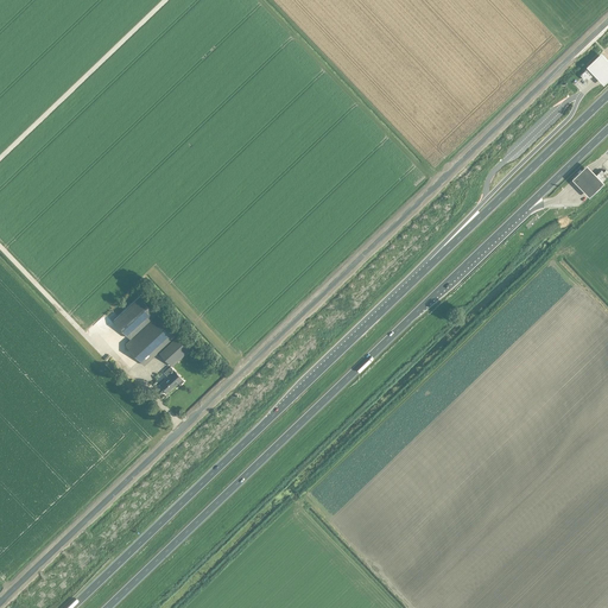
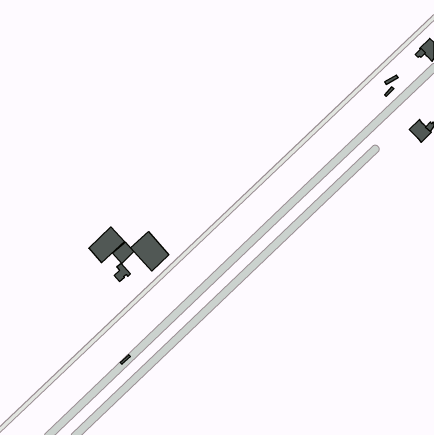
building: [112,298,153,340] -> none
building: none -> [130,232,169,271]

